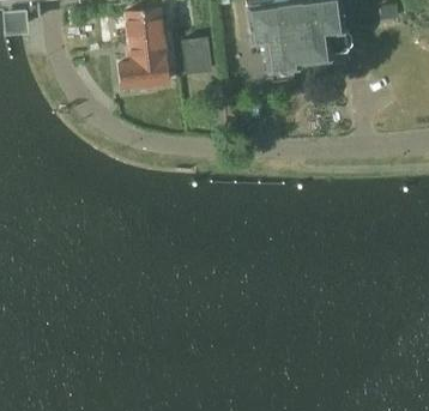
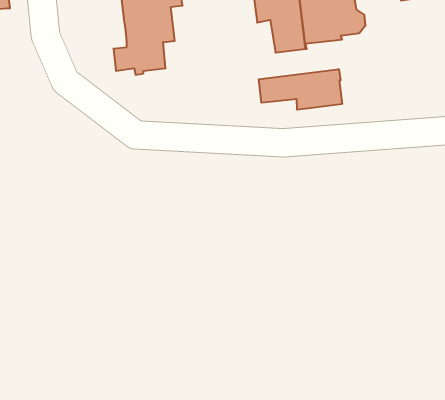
building: [182,38,211,74] -> none
building: none -> [259,69,342,110]

